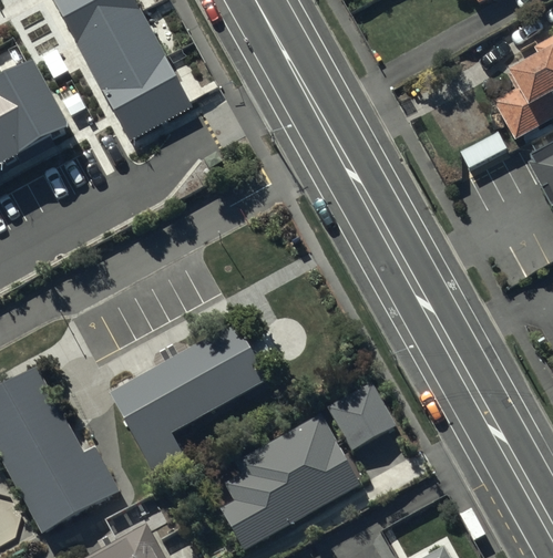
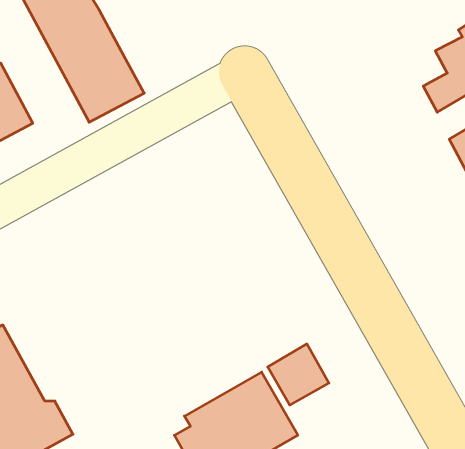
building: [110,320,266,469] -> none

